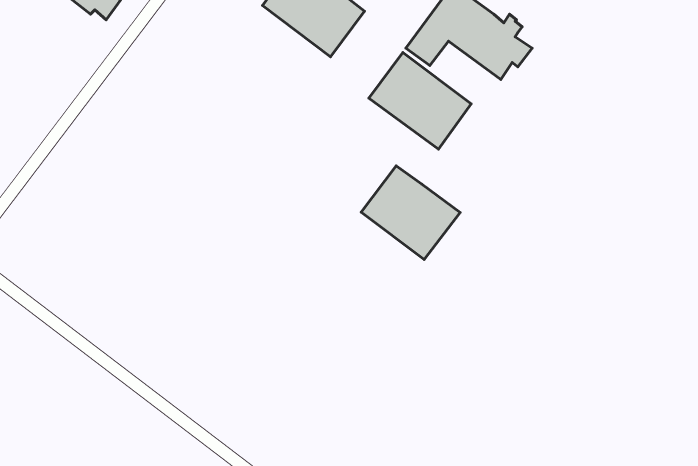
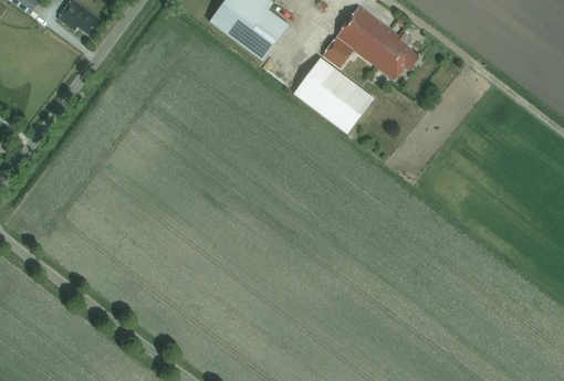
building: [361,166,460,259] -> none

